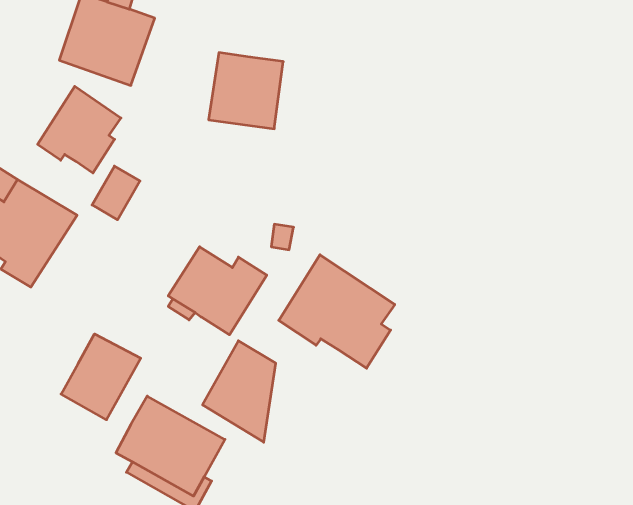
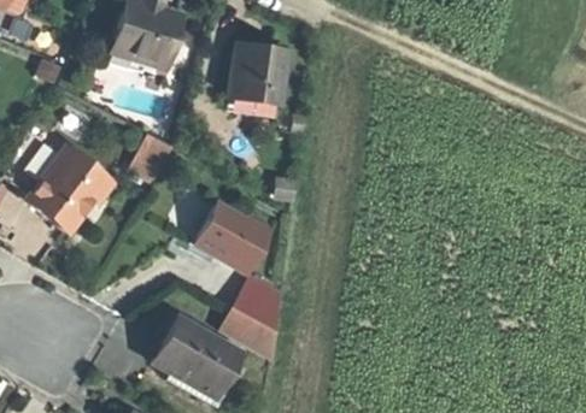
building: [38,86,121,173] -> none
building: [279,255,395,368] -> none
building: [61,334,141,420] -> none

